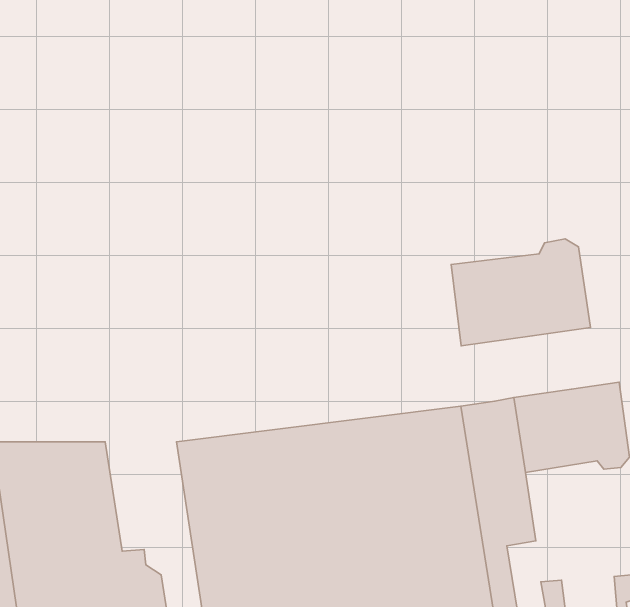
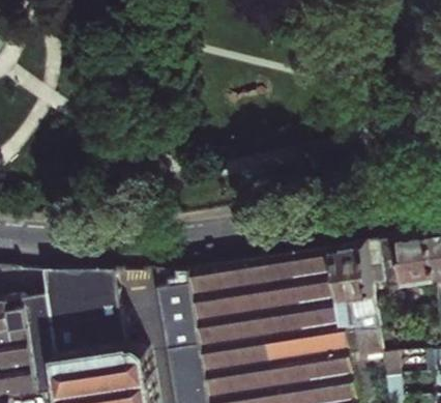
building: [451,239,590,346] -> none

